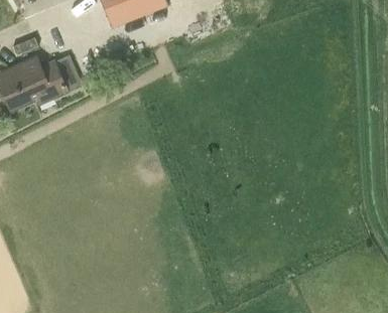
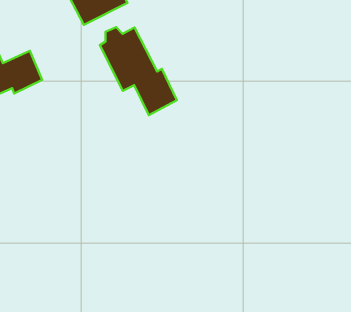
building: none -> [100,27,177,115]

